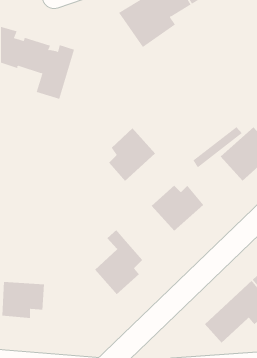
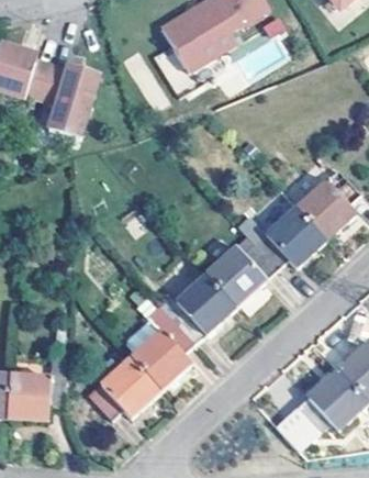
building: [108,128,156,182] -> [169,275,232,346]
building: none -> [249,210,322,274]
building: none -> [85,359,156,421]

